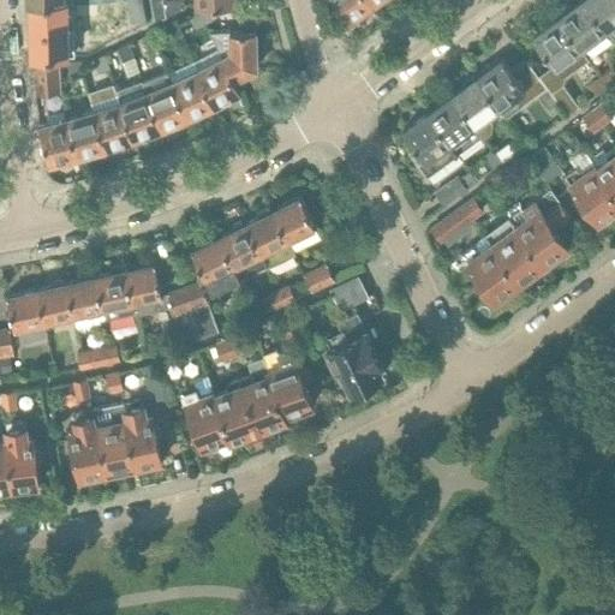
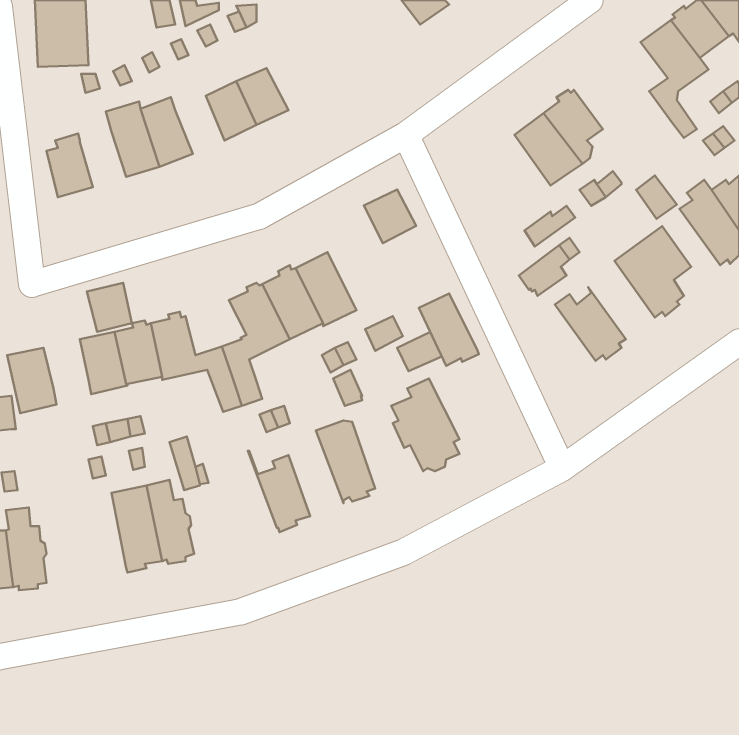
building: [209,19,256,96] -> none
building: [476,61,557,121] -> none
building: [32,66,61,98] -> none
building: [145,84,186,132] -> none
building: [66,114,105,160] -> none
building: [401,117,456,181] -> none
building: [271,201,315,245] -> [364,189,416,243]
building: [484,221,544,286] -> none
building: none -> [419,293,479,366]
building: [36,286,73,327] -> [87,283,132,332]
building: [239,362,285,432] -> none
building: [180,378,229,450] -> none
building: [68,413,105,483] -> none

